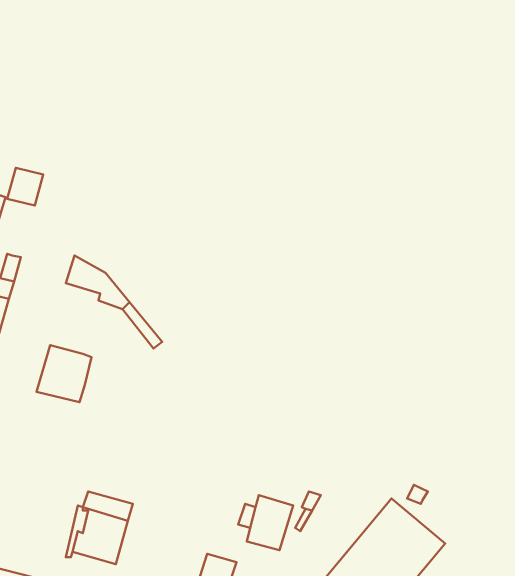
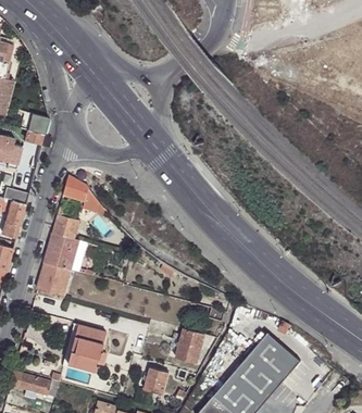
building: none -> [52,205,77,239]
building: none -> [36,263,71,296]

